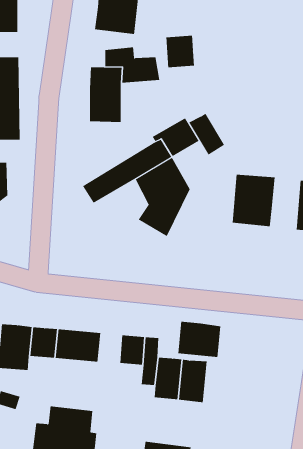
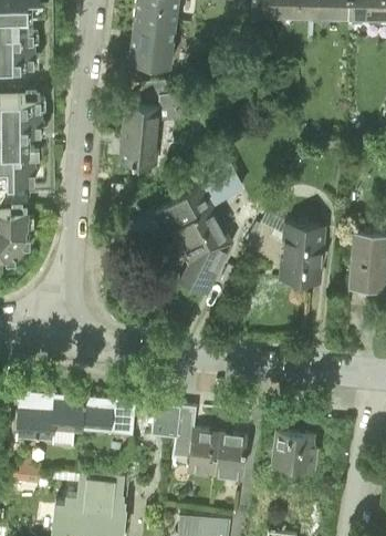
building: [166,35,194,68] -> none
building: [189,113,225,156] -> none
building: [178,321,221,357] -> [270,431,317,471]

